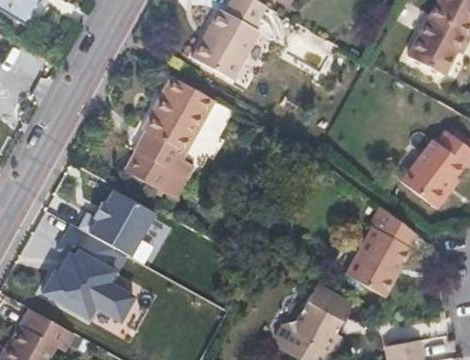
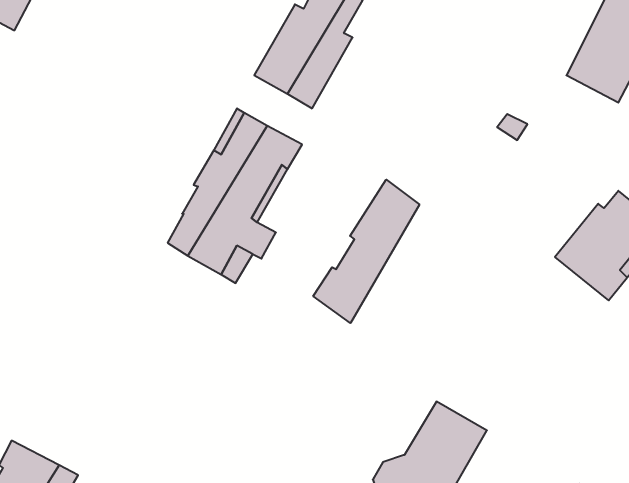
building: none -> [313,180,419,323]
building: [84,192,152,258] -> none
building: [344,207,417,295] -> none
building: [38,244,131,323] -> none

